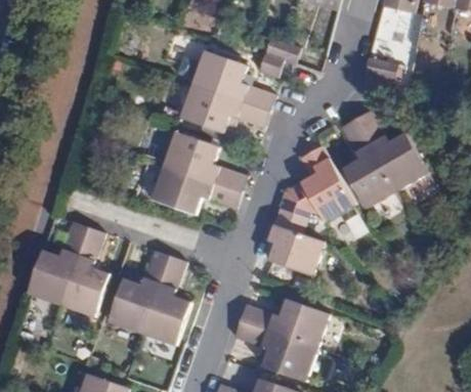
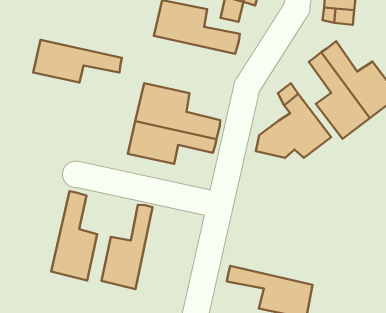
building: [179,83,269,130] -> [33,40,122,82]
building: [267,210,328,274] -> none
building: [27,222,88,306] -> none
building: [142,254,191,345] -> none
building: [240,304,330,350] -> none

